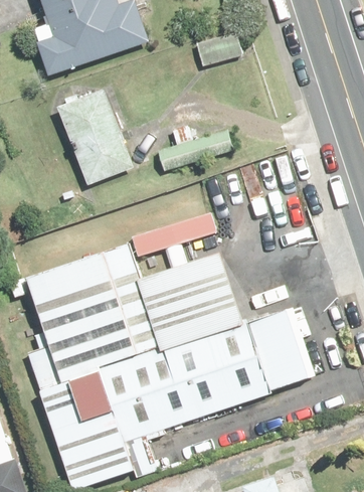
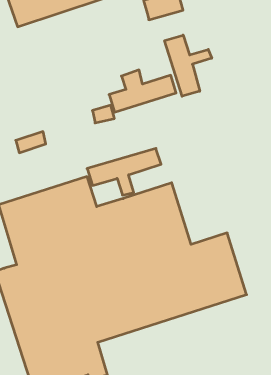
building: none -> [165,35,212,96]
building: [59,90,135,186] -> none

